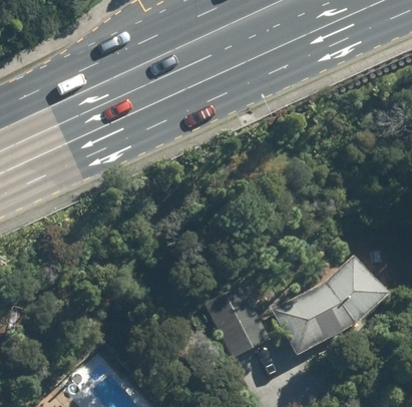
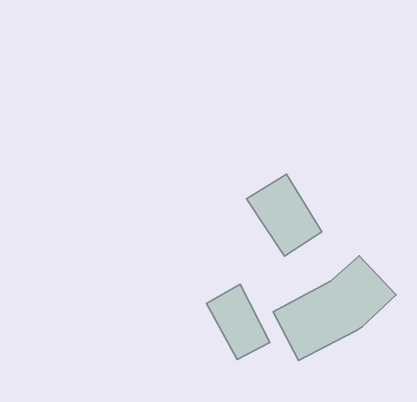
building: none -> [246,174,322,256]

